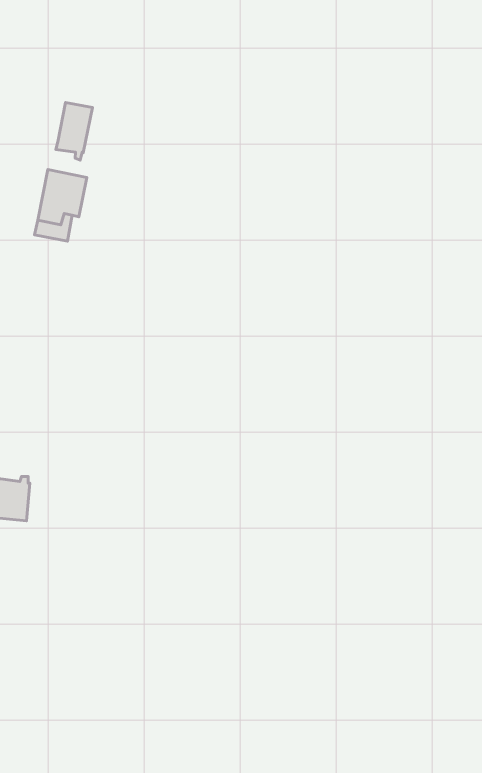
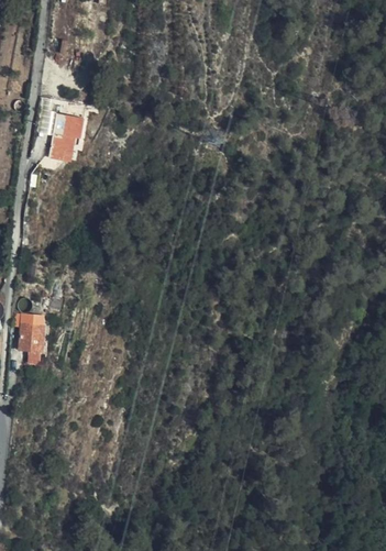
building: [56,102,93,160] -> none

